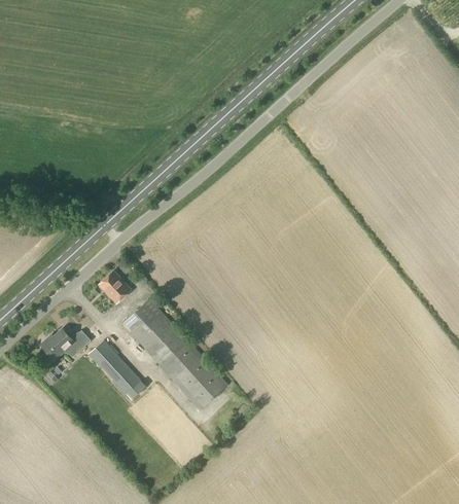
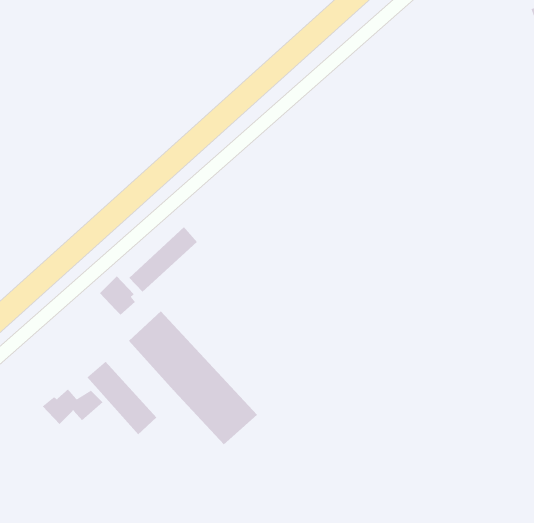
building: none -> [129,226,198,292]
building: [40,329,91,359] -> [42,389,103,425]

